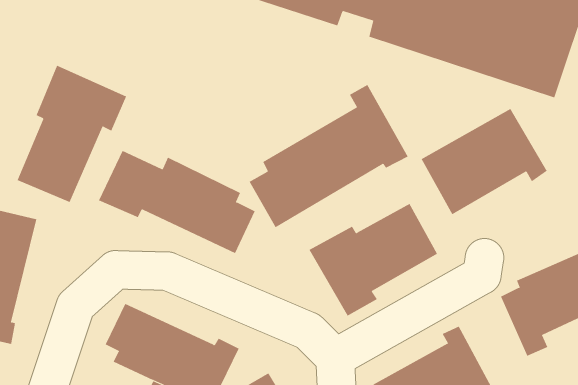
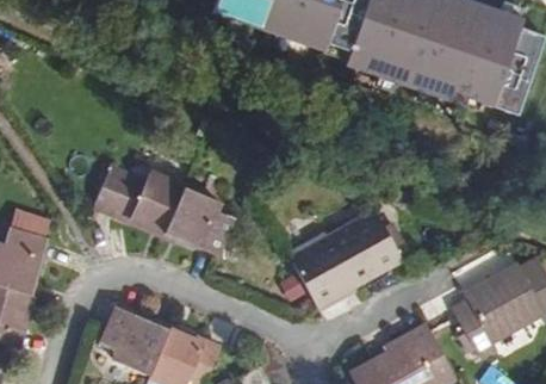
building: [17,65,127,203] -> none
building: [249,84,409,228] -> none
building: [421,108,548,215] -> none

